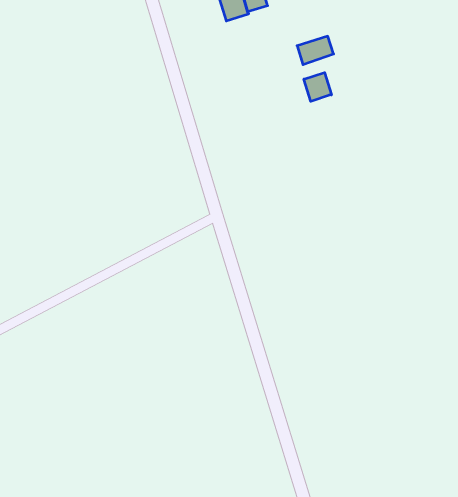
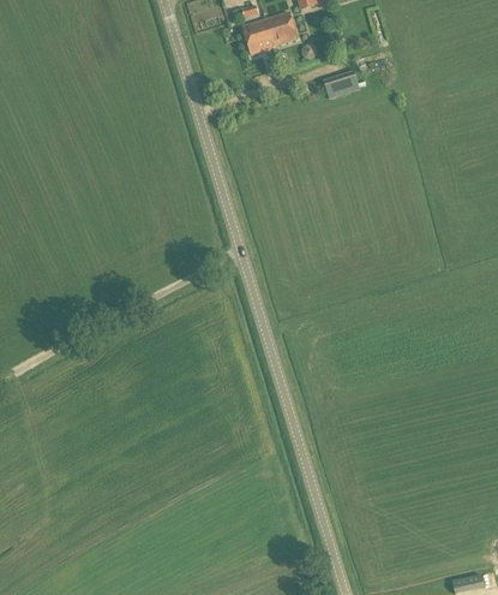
building: [304,73,331,101] -> none

